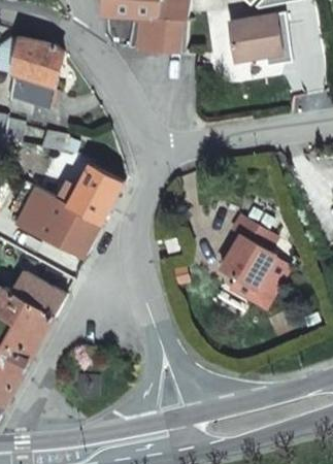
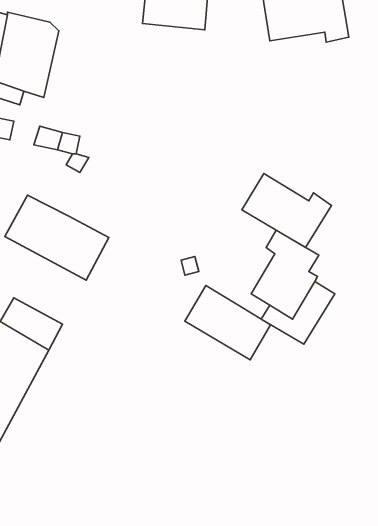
building: [69,164,123,222] -> none
building: none -> [242,174,331,247]
building: none -> [185,286,271,360]

